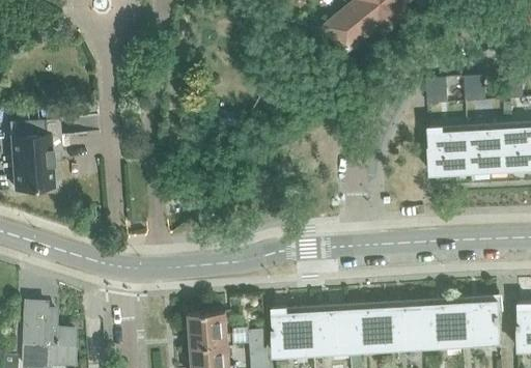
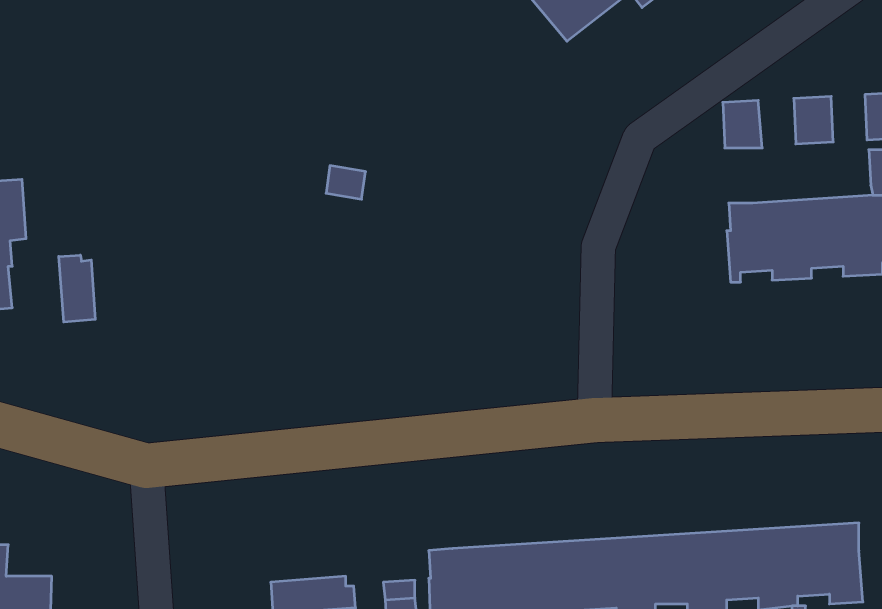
building: none -> [59,255,95,322]
building: [188,311,228,331] -> none

